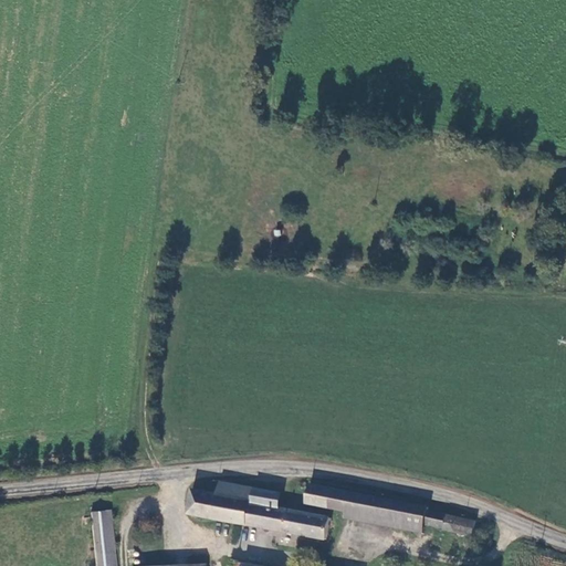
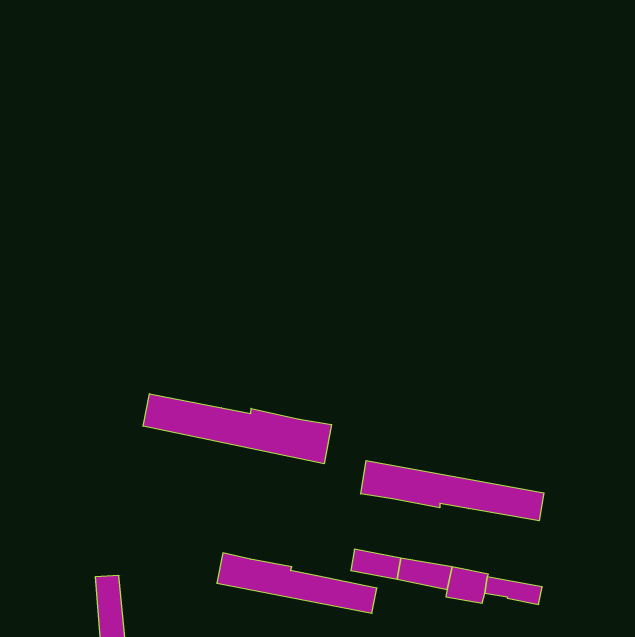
building: none -> [143,394,332,464]
building: none -> [361,461,544,521]
building: [226,482,286,511] -> none

